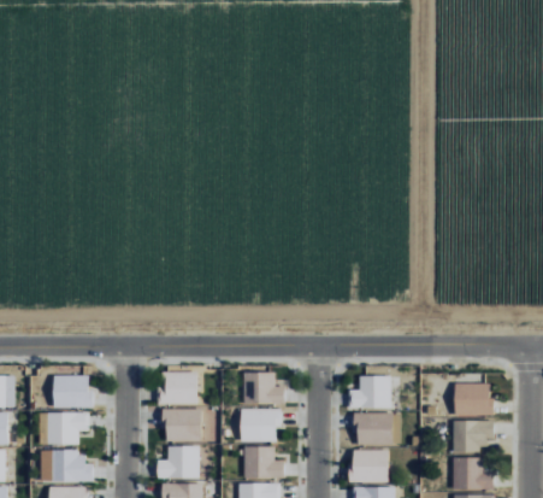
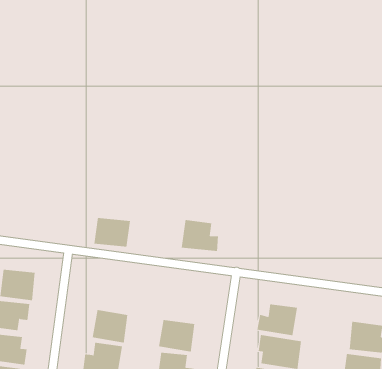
building: [243,371,285,404] -> [181,219,219,252]
building: [158,373,196,404] -> [94,218,131,247]

